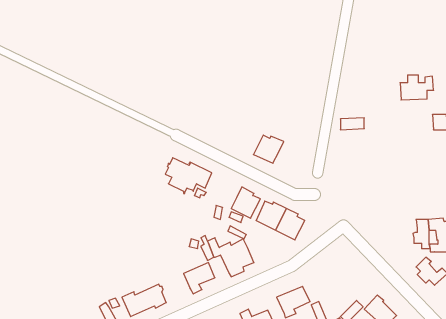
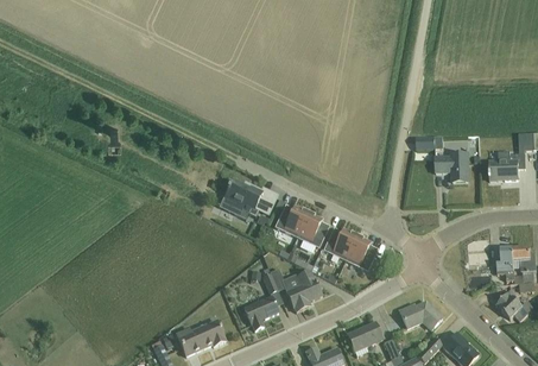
building: [400,75,434,100] -> [488,151,525,178]
building: none -> [435,152,468,181]
building: [253,135,284,163] -> [274,204,308,235]
building: none -> [399,302,441,329]

